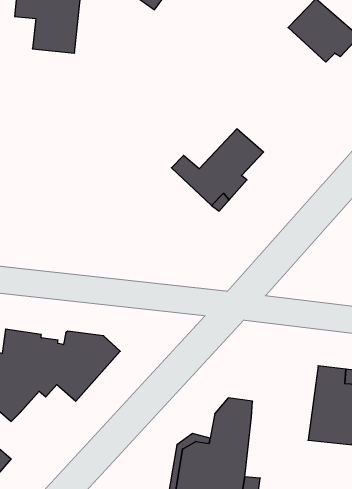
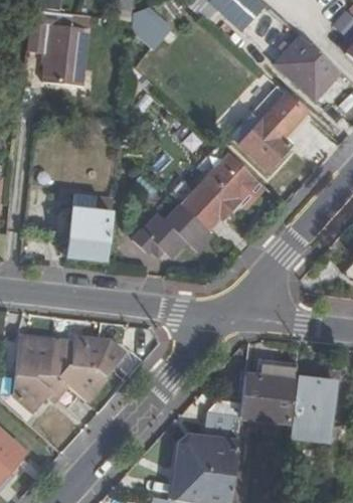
building: none -> [234,89,307,172]
building: none -> [69,193,112,260]
building: none -> [131,203,210,256]
building: none -> [242,361,300,423]

